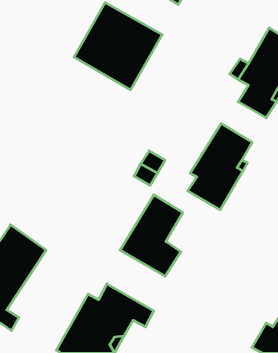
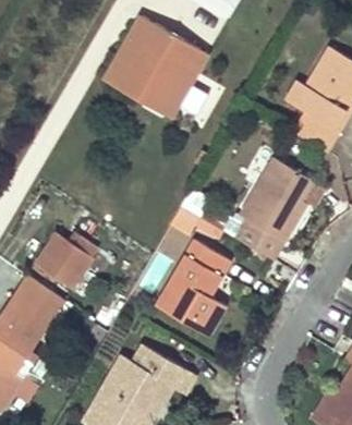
building: none -> [38,231,93,286]

